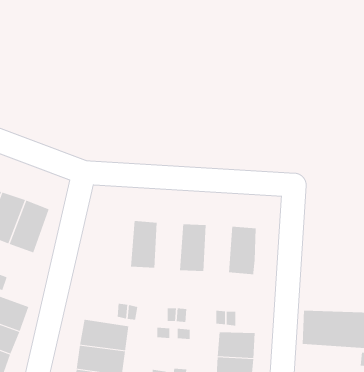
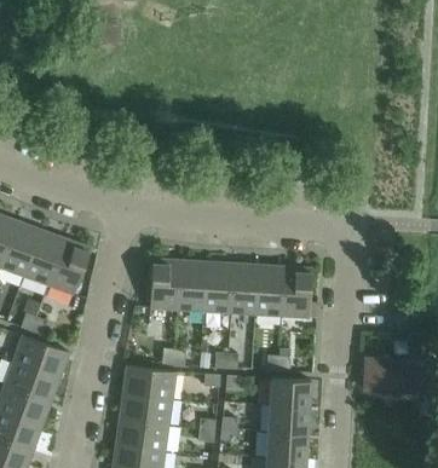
building: none -> [149,259,180,310]
building: none -> [203,262,232,313]
building: none -> [255,265,284,316]

